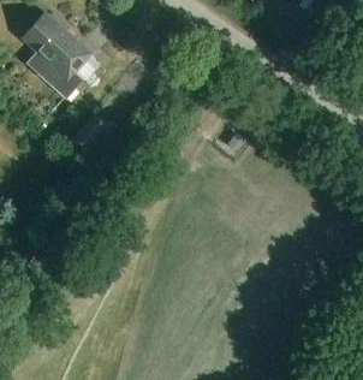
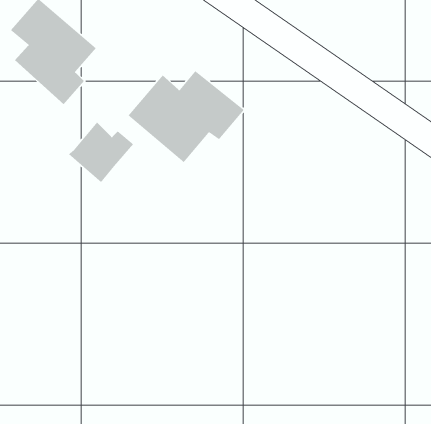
building: none -> [127,70,245,163]

